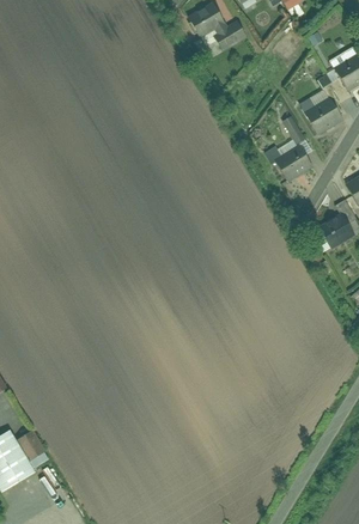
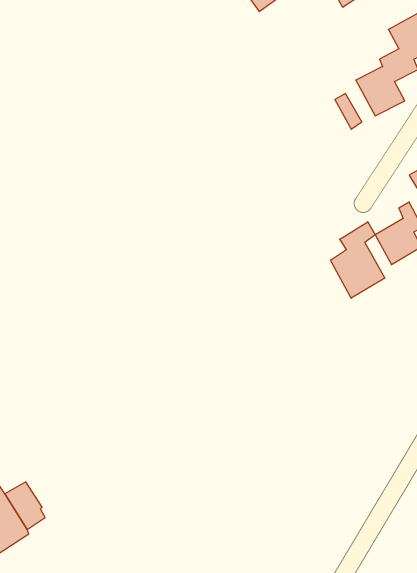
building: [268,141,310,185] -> none
building: none -> [330,222,385,298]

